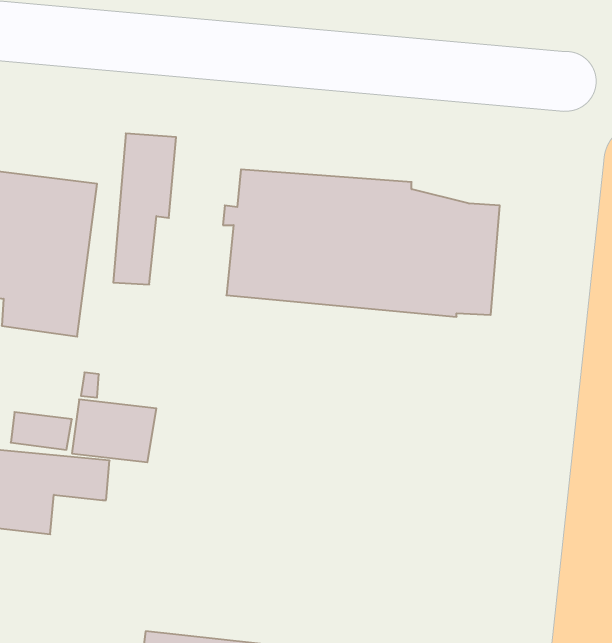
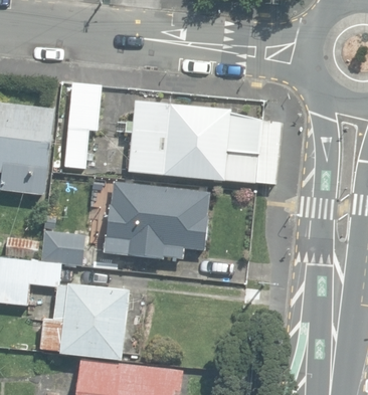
building: none -> [106,181,211,258]
building: none -> [41,283,130,360]

